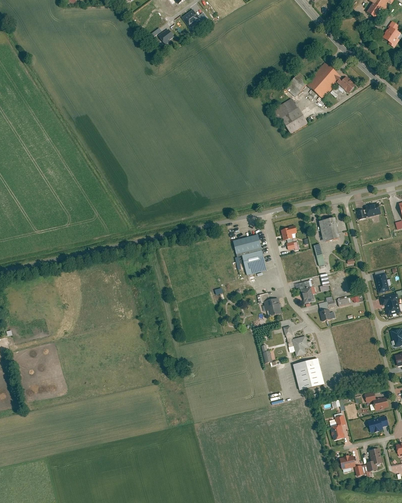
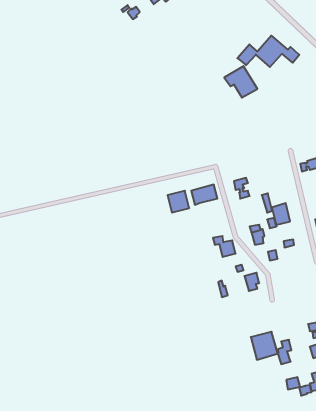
building: [318,216,339,241] -> [272,203,290,225]
building: [242,249,267,274] -> [168,191,189,213]
building: [295,357,326,389] -> [251,332,278,360]

